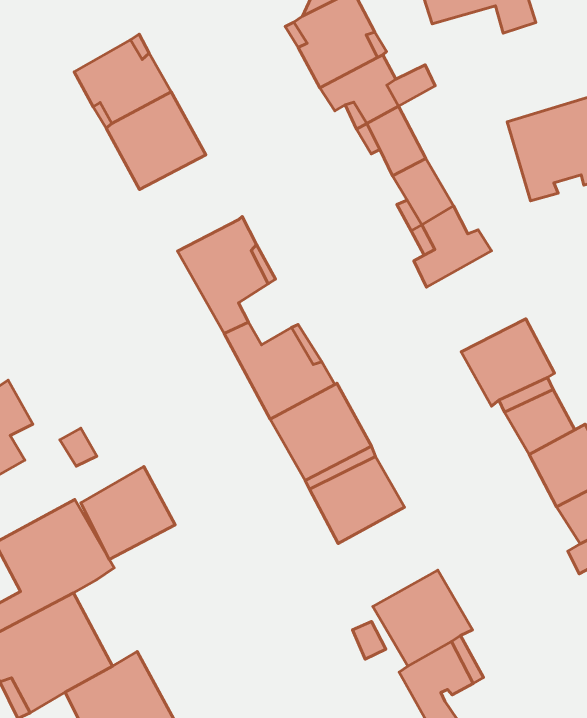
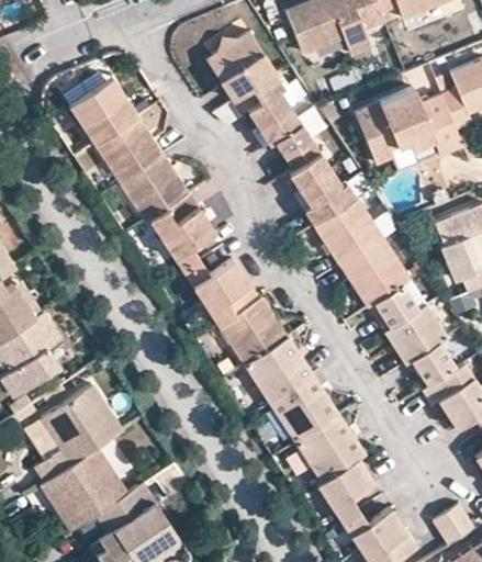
building: none -> [119,150,186,216]
building: none -> [313,198,380,266]
building: [81,466,175,559] -> none
building: none -> [269,371,336,438]

